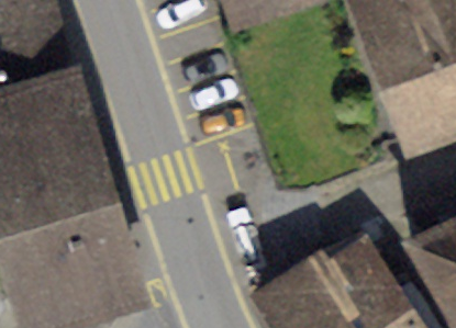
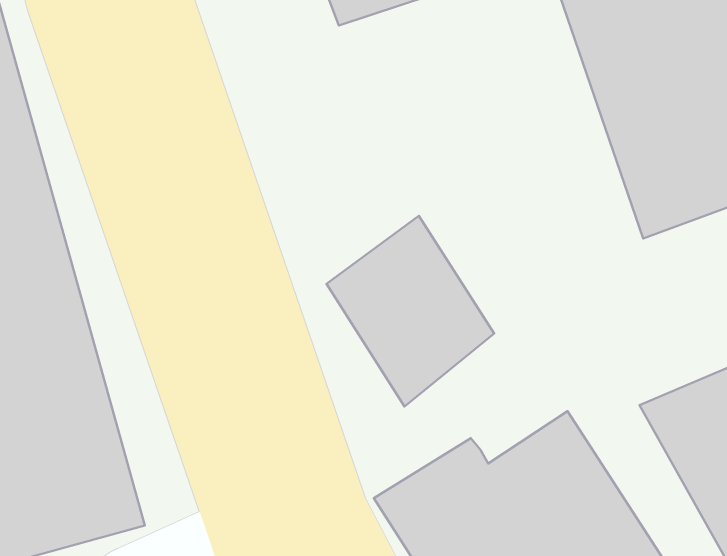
building: none -> [327,216,494,407]

